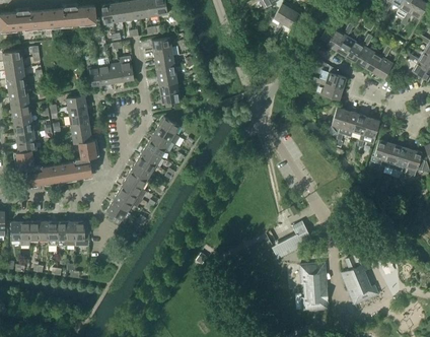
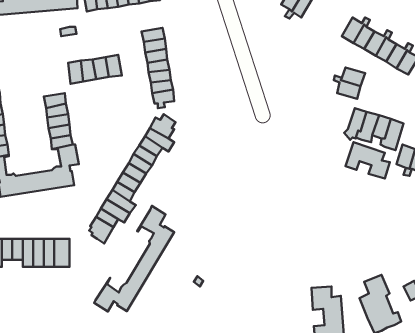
building: none -> [345,142,390,179]
building: none -> [94,206,174,311]
building: [278,222,311,256] -> none

